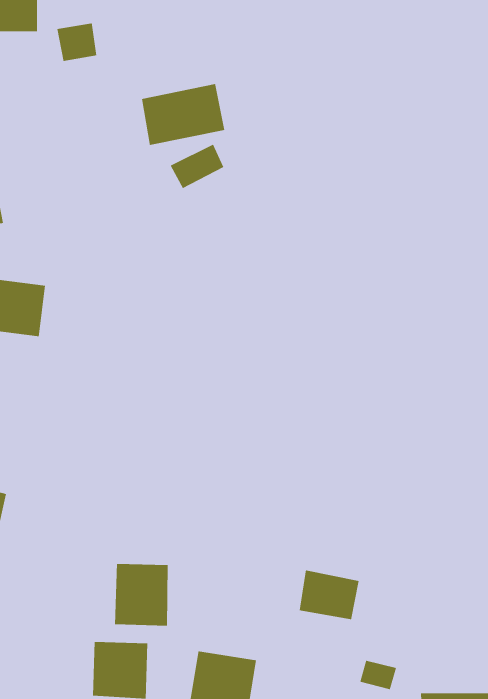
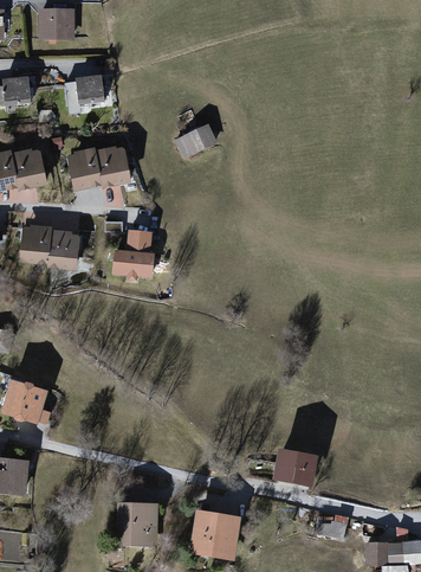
building: [57,23,97,62] -> [73,73,104,103]
building: [141,83,225,146] -> [66,144,130,192]
building: none -> [112,230,154,282]
building: [114,563,168,626] -> none

